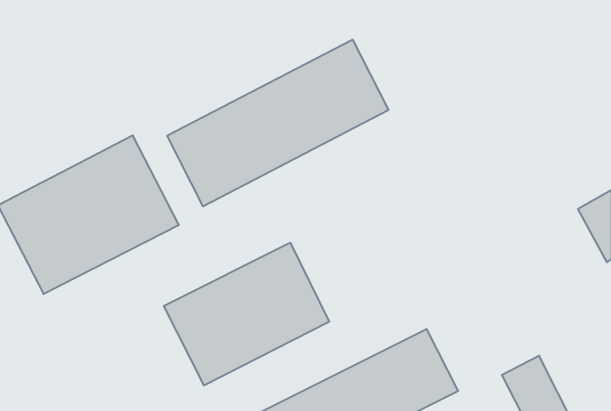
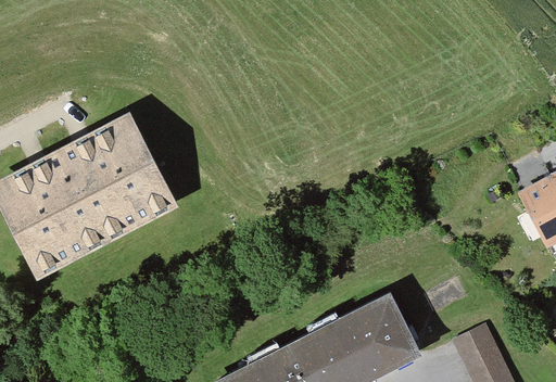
building: [167,40,388,206] -> none
building: [164,243,329,385] -> none

